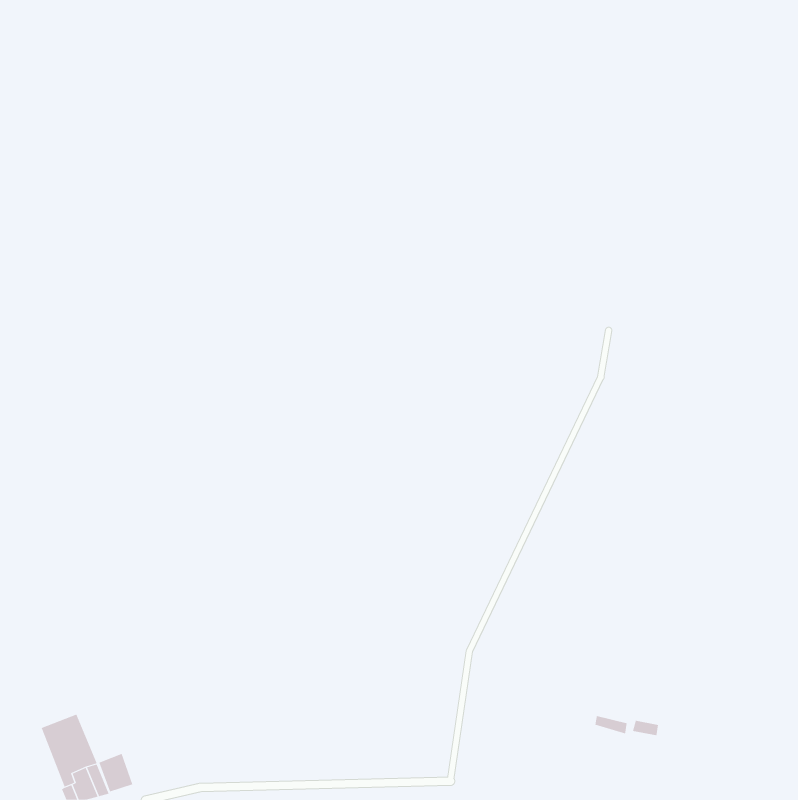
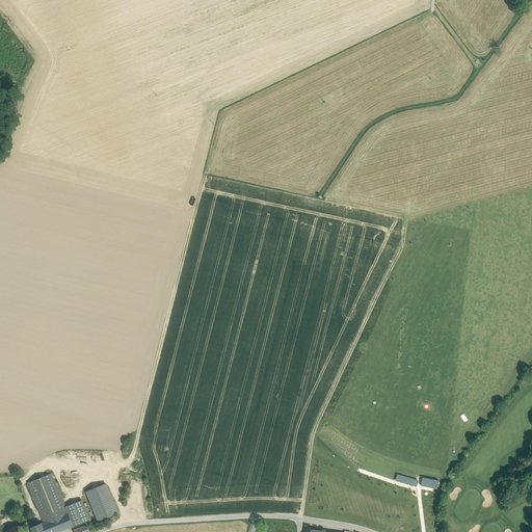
building: none -> [85,484,116,521]

